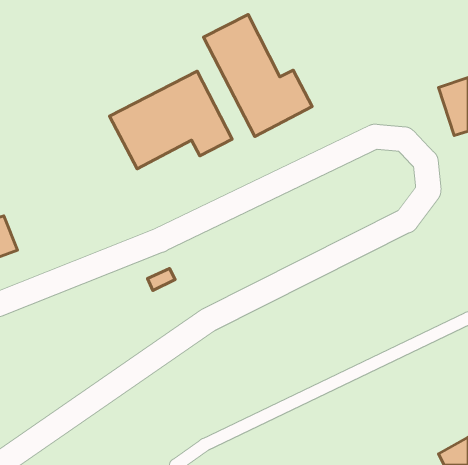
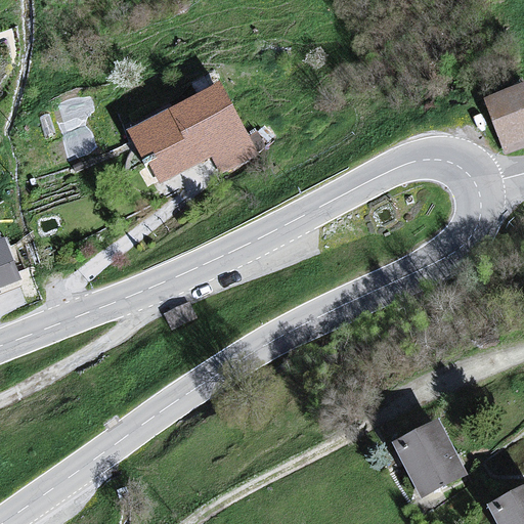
building: [204,15,312,136] -> none
building: none -> [395,423,469,499]

